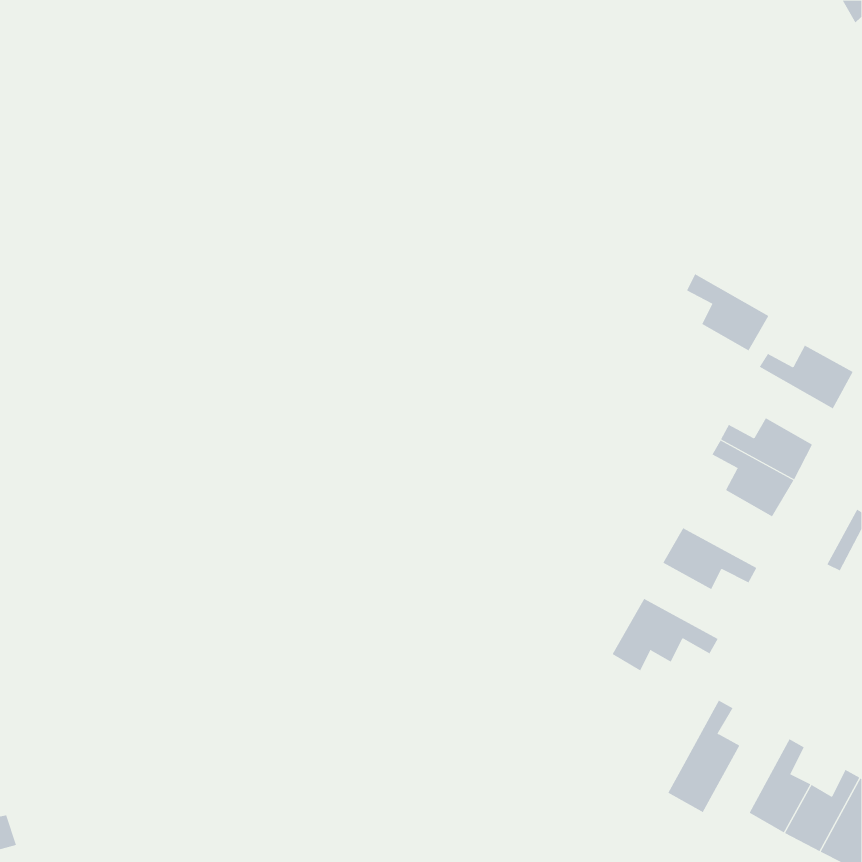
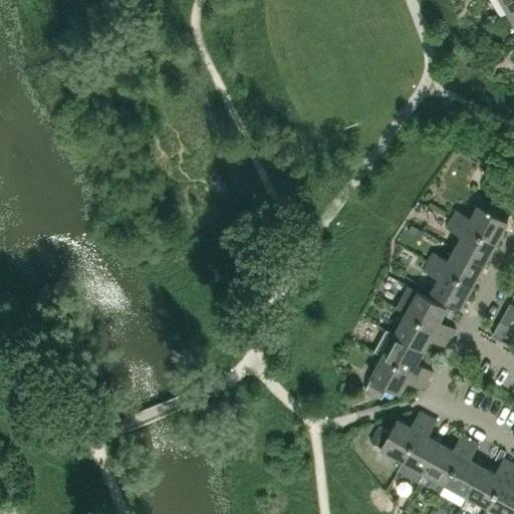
building: [686,273,769,351] -> [446,219,495,265]
building: none -> [406,292,455,338]
building: none -> [373,330,432,380]
building: none -> [369,412,427,461]
building: none -> [424,435,469,484]

